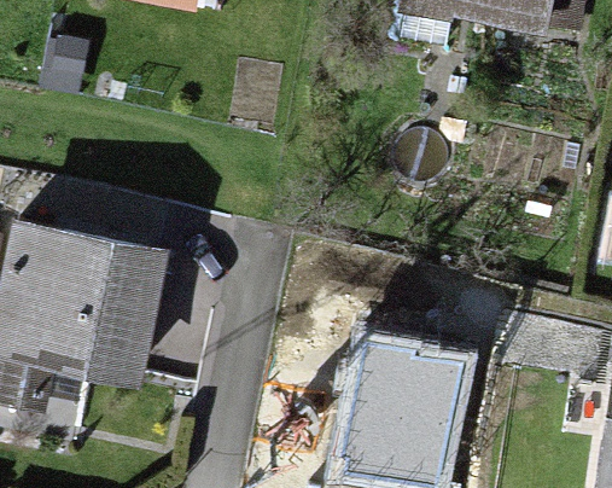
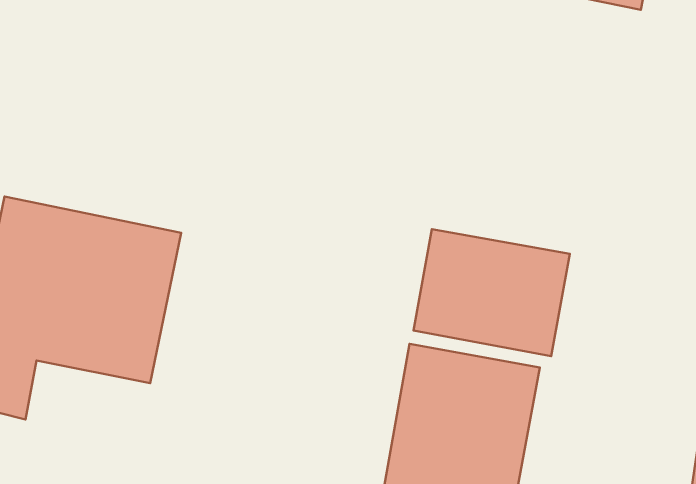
building: none -> [413,229,570,356]

